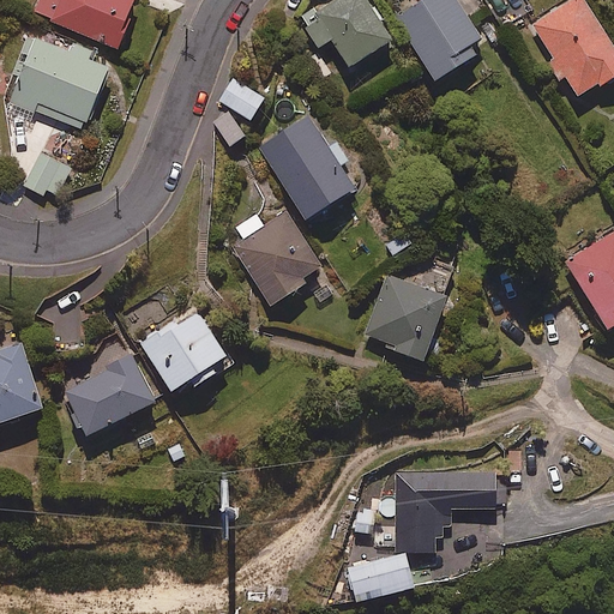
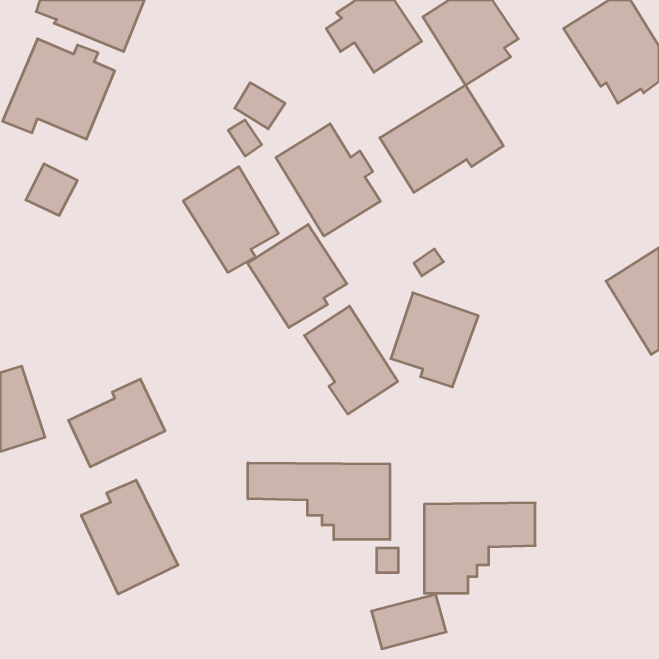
building: none -> [380,85,503,192]
building: none -> [183,167,278,272]
building: none -> [304,306,398,414]
building: [140,308,225,390] -> none
building: none -> [248,463,390,540]
building: none -> [81,480,178,594]

